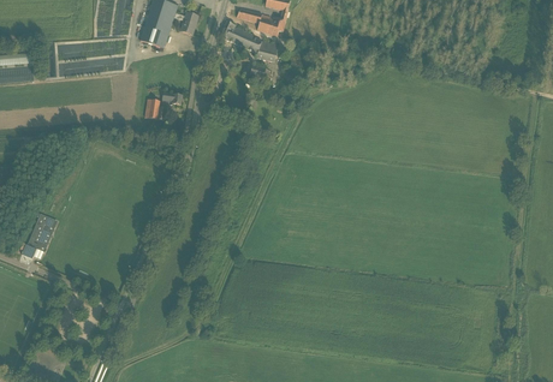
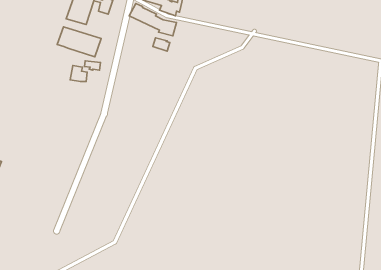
building: none -> [57,27,101,57]

